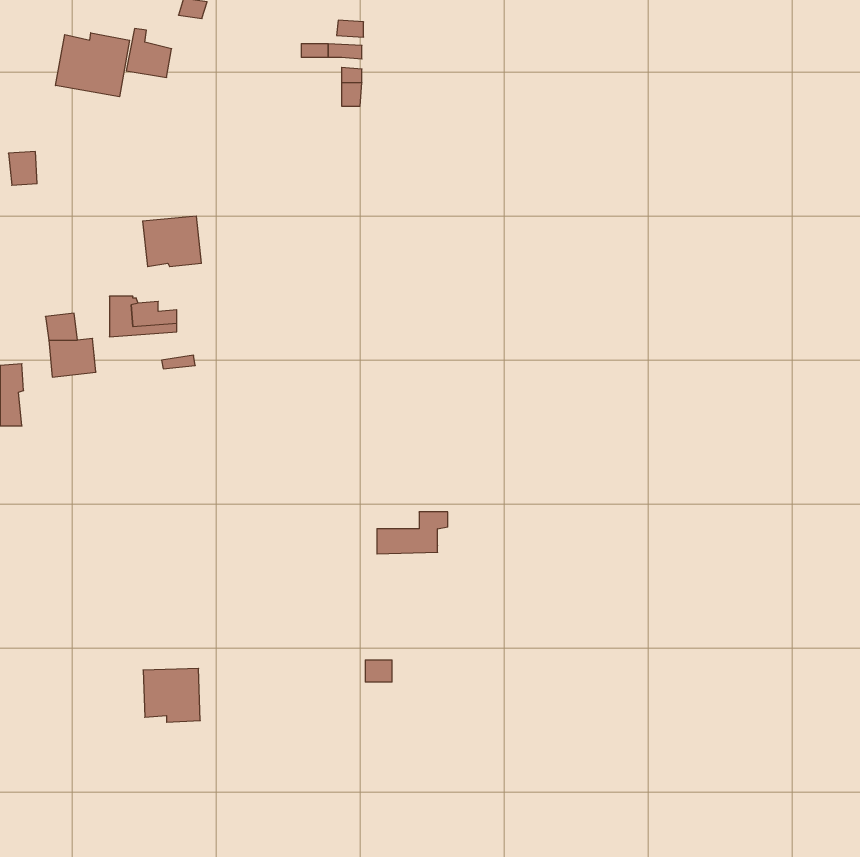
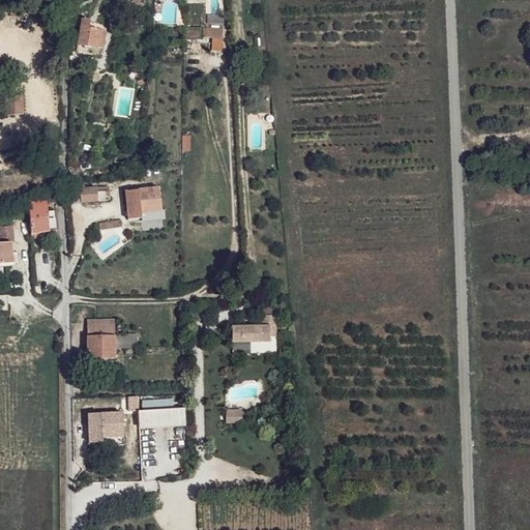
building: [56,33,130,97] -> none
building: [143,216,201,267] -> [125,186,161,217]
building: none -> [87,321,115,357]
building: none -> [138,407,185,425]

